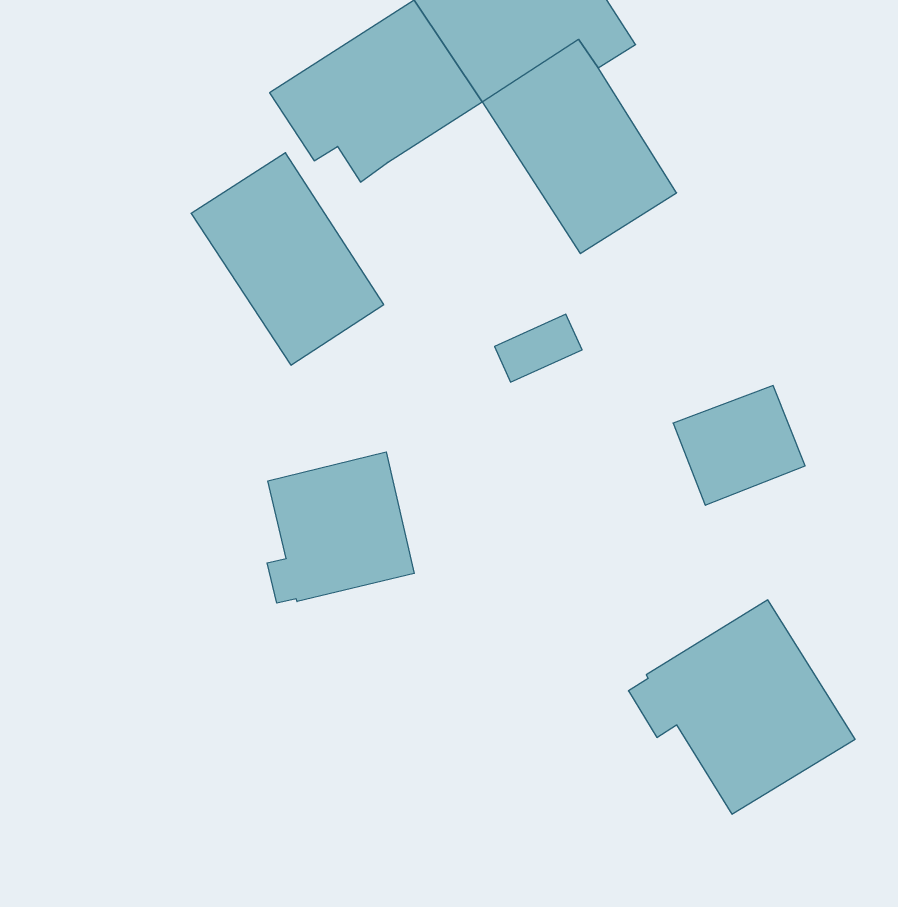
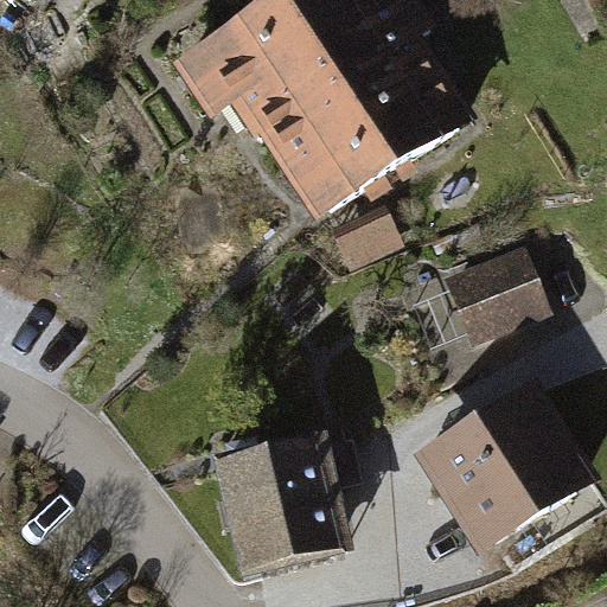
building: [191,153,384,365] -> [257,68,385,209]
building: [267,452,414,603] -> none
building: none -> [216,439,325,568]

